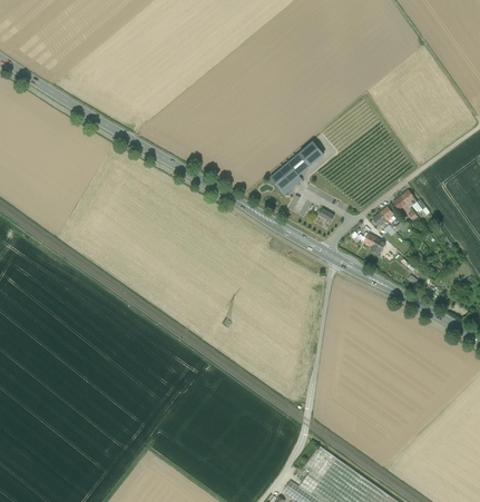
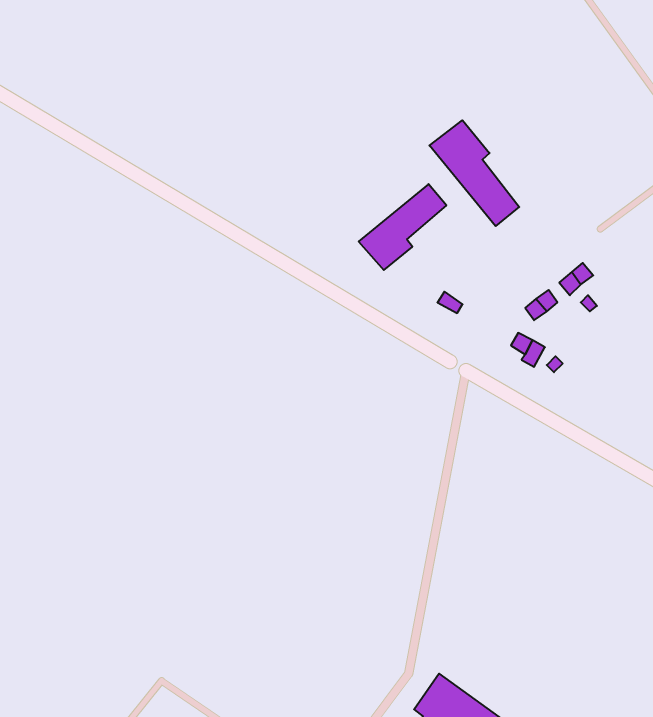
building: none -> [429,120,519,226]

